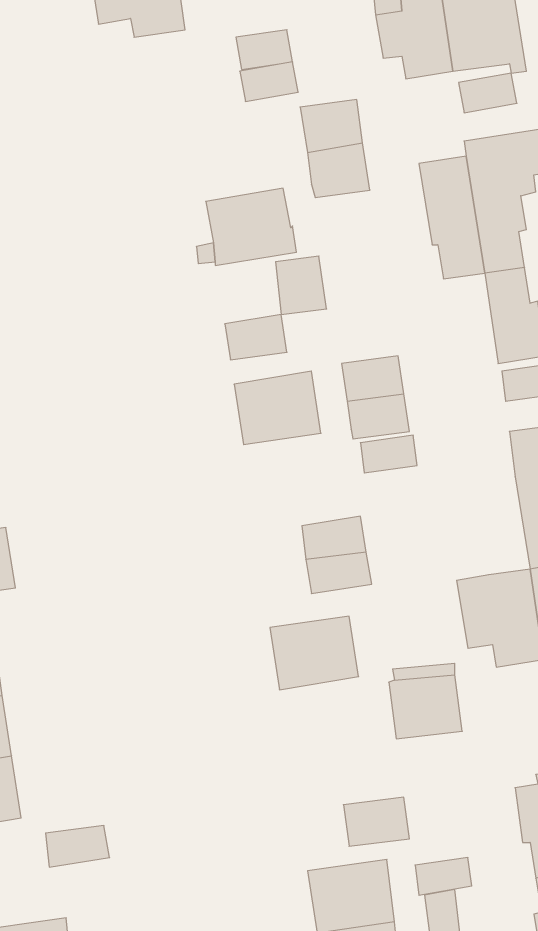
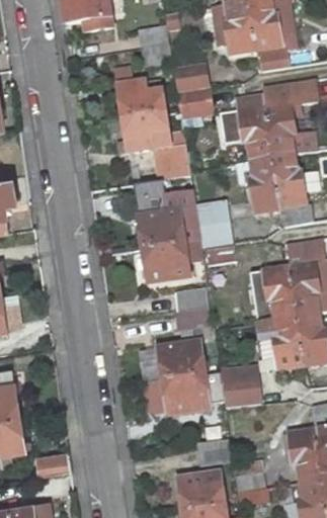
building: none -> [118,82,165,119]
building: none -> [249,158,280,211]
building: none -> [144,244,190,283]
building: none -> [264,267,298,320]
building: none -> [149,374,211,414]

